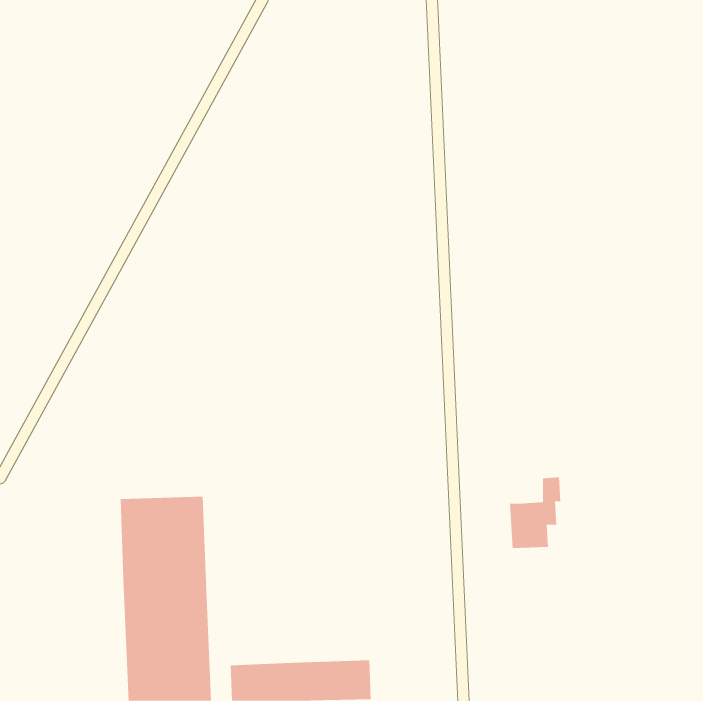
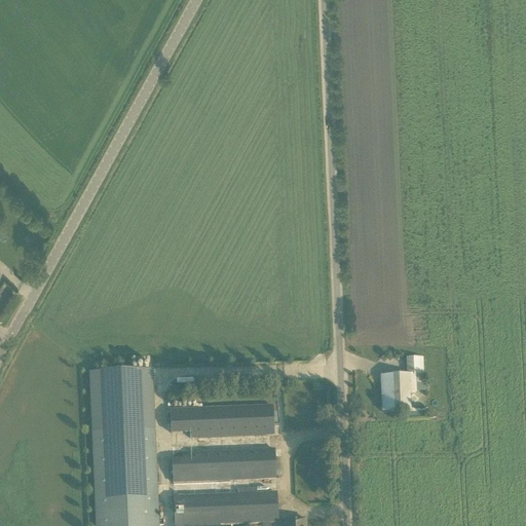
building: none -> [168,406,273,439]
building: none -> [171,449,275,483]

